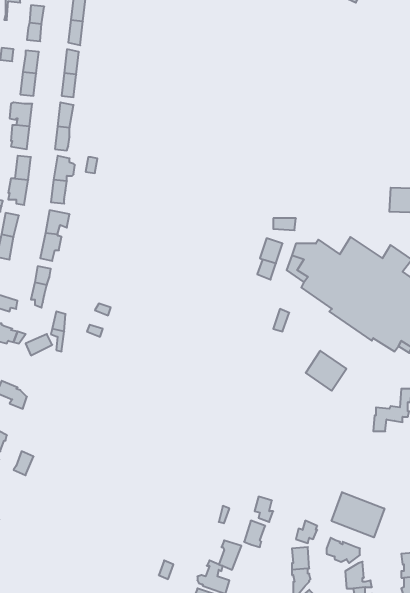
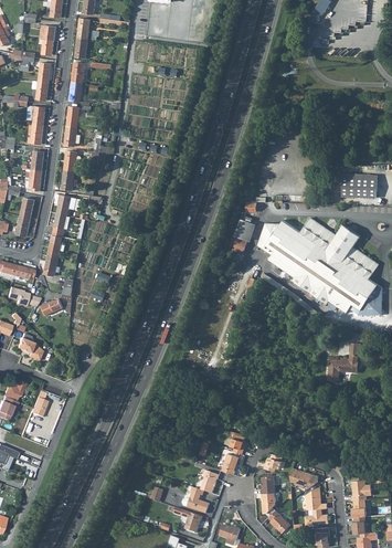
building: [306,351,346,391] -> none
building: [332,492,384,537] -> none

